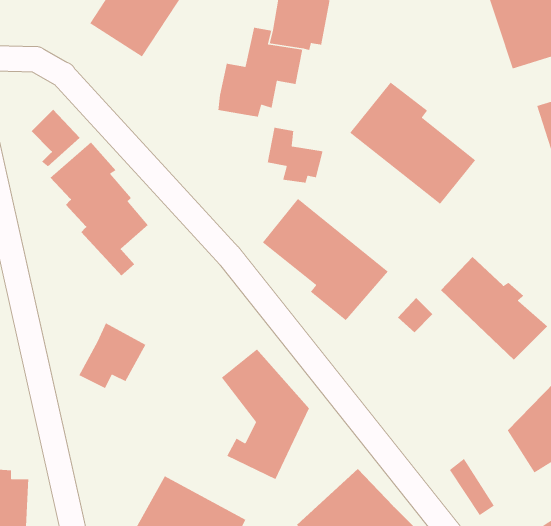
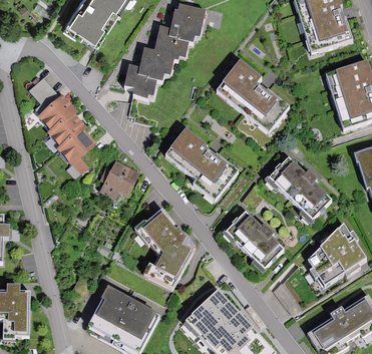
building: [267,127,323,183] -> [123,65,156,98]
building: [78,322,147,389] -> [99,159,139,199]
building: none -> [226,214,284,271]

